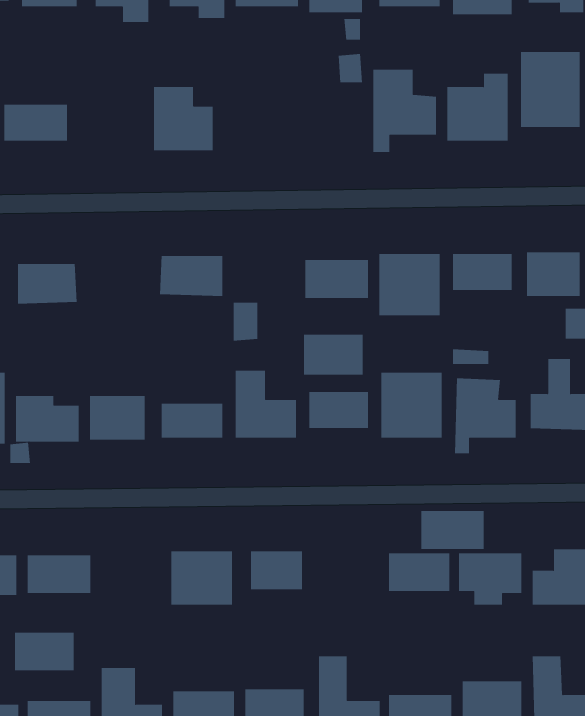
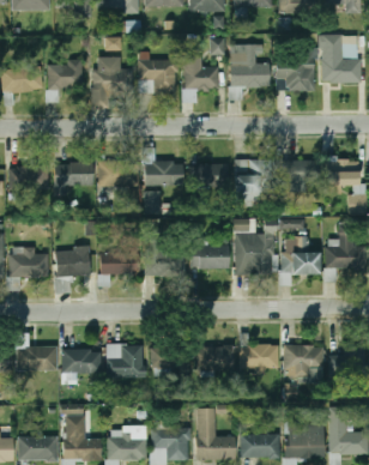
building: none -> [138,60,175,92]
building: none -> [184,60,217,91]
building: none -> [47,61,83,90]
building: none -> [54,163,92,194]
building: [303,334,363,375] -> [144,161,181,186]
building: [421,511,485,550] -> [194,346,234,370]
building: [14,632,74,671] -> [62,350,99,374]

